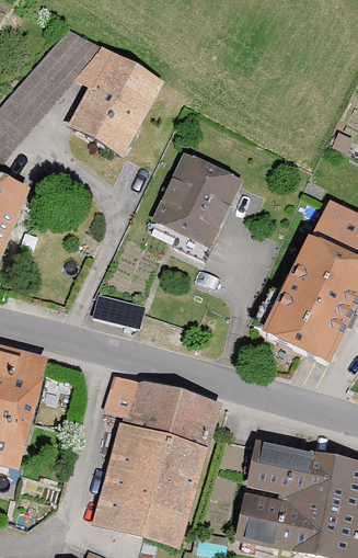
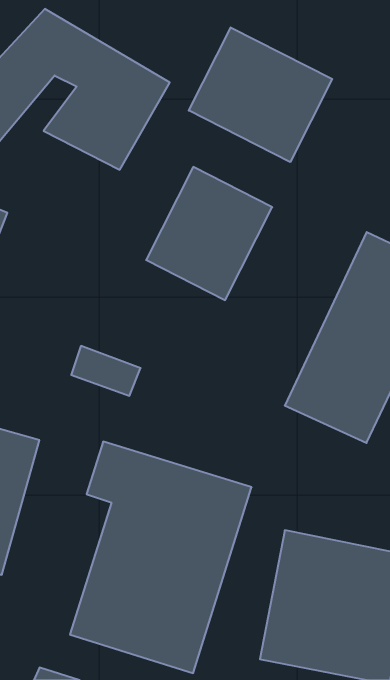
building: none -> [189,27,332,162]

